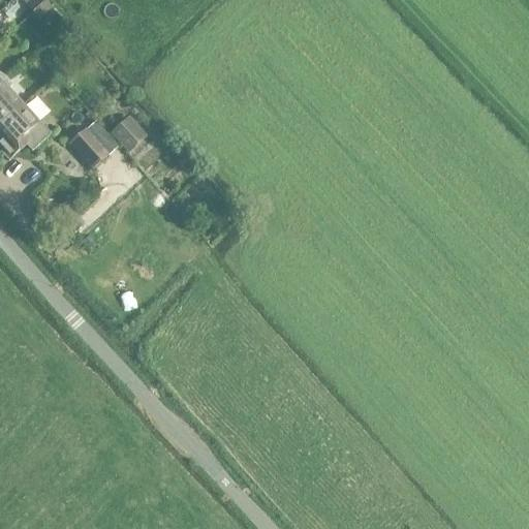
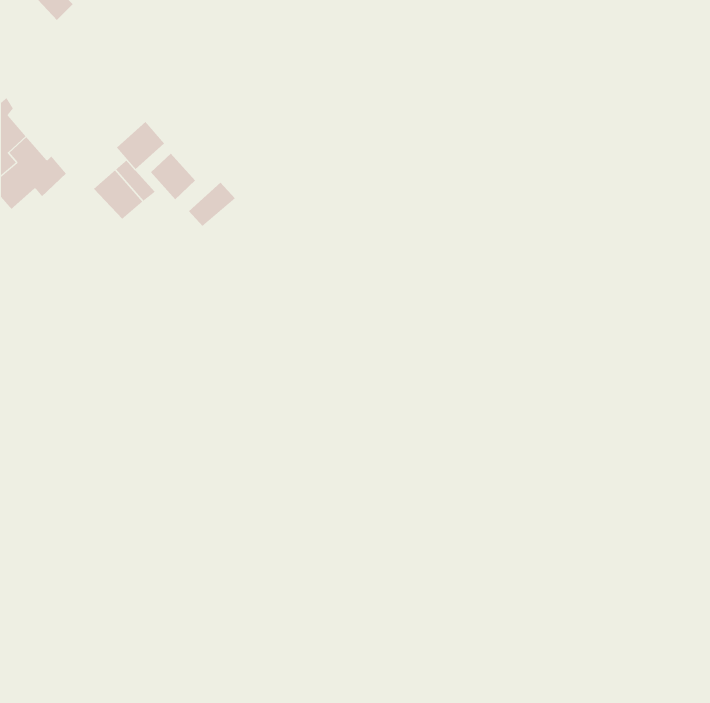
building: none -> [116,121,165,170]
building: none -> [188,182,236,227]

